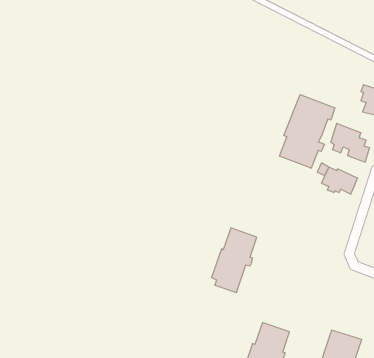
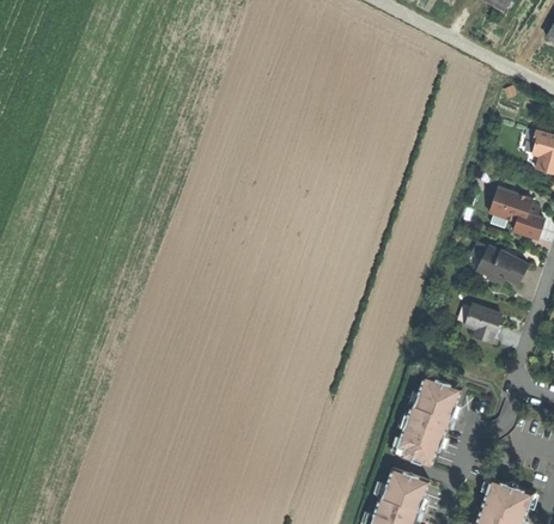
building: [279,95,335,168] -> none
building: none -> [462,303,500,345]
building: [211,228,257,293] -> [395,377,459,469]

